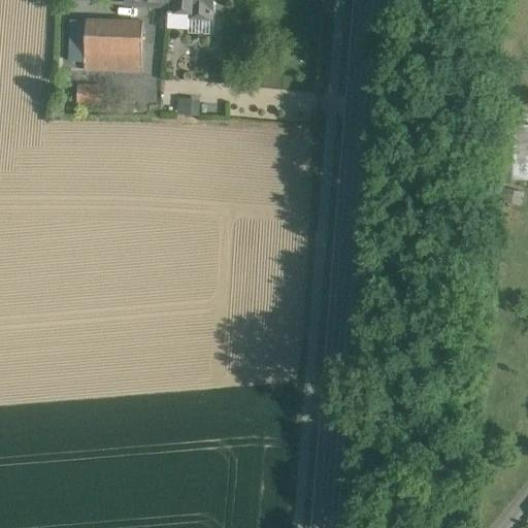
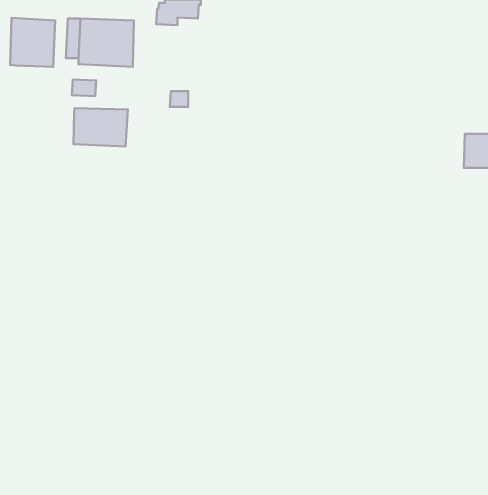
building: none -> [10,18,55,67]
building: none -> [73,108,128,146]

